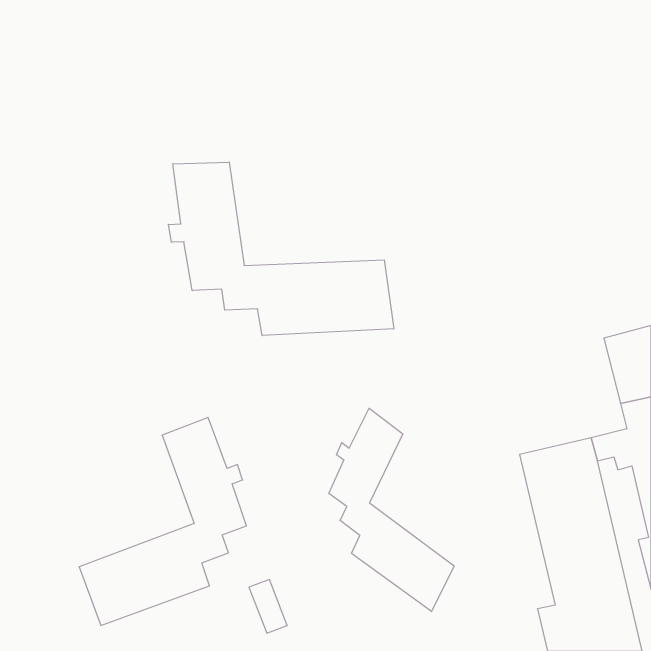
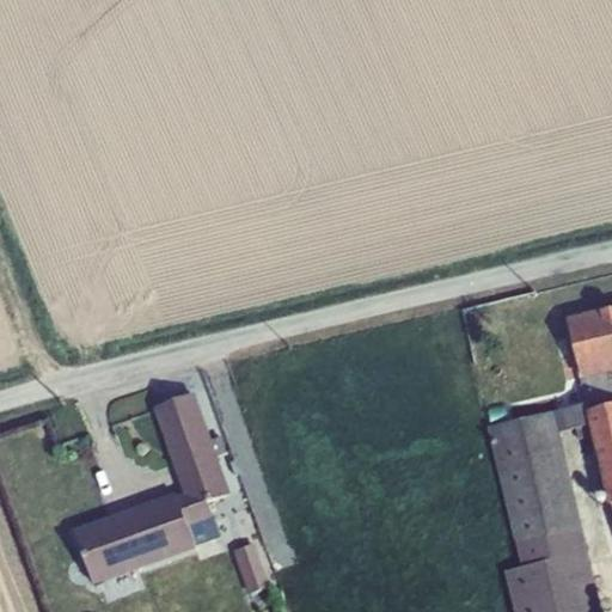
building: [168,162,394,336] -> none
building: [329,408,454,612] -> none

